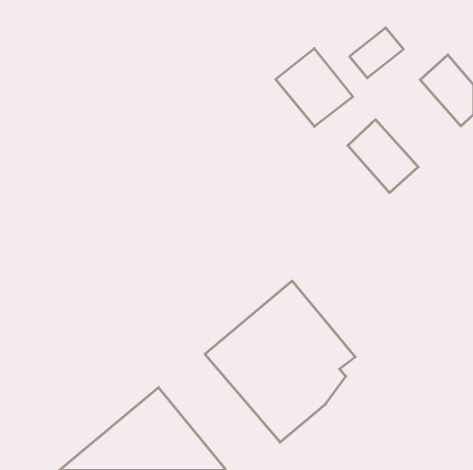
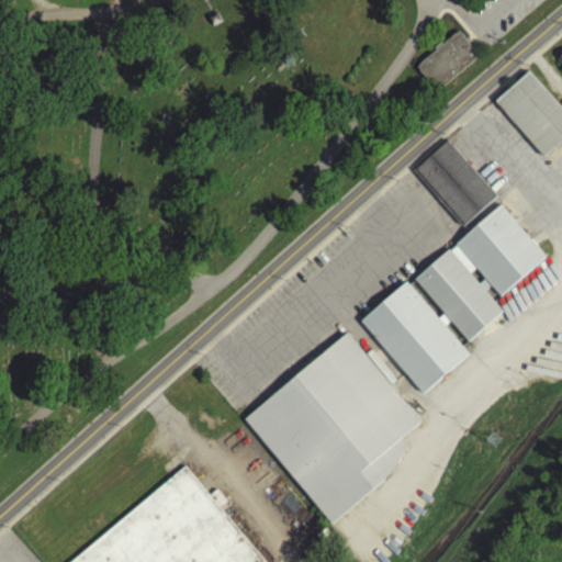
building: [276,48,353,127] -> none
building: none -> [360,207,548,396]

